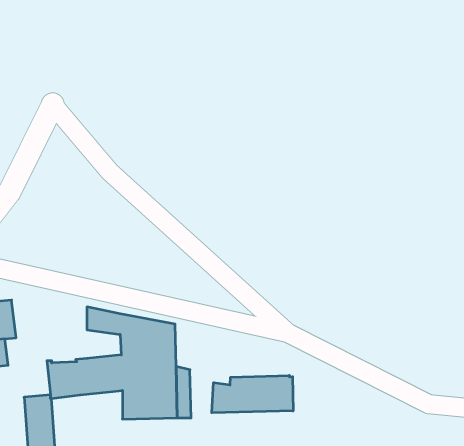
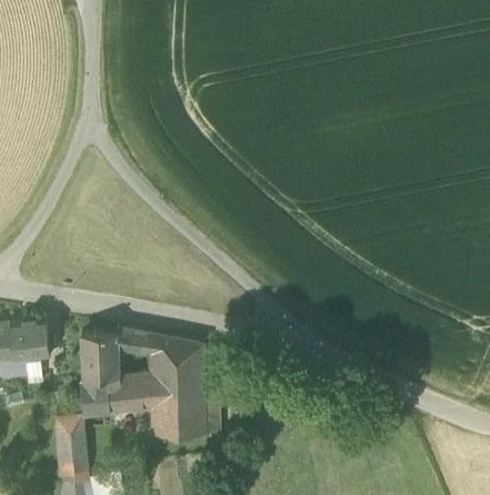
building: none -> [80,333,118,382]
building: [212,375,293,413] -> none

